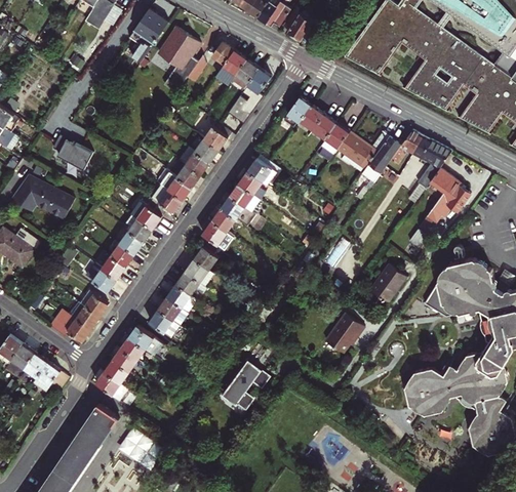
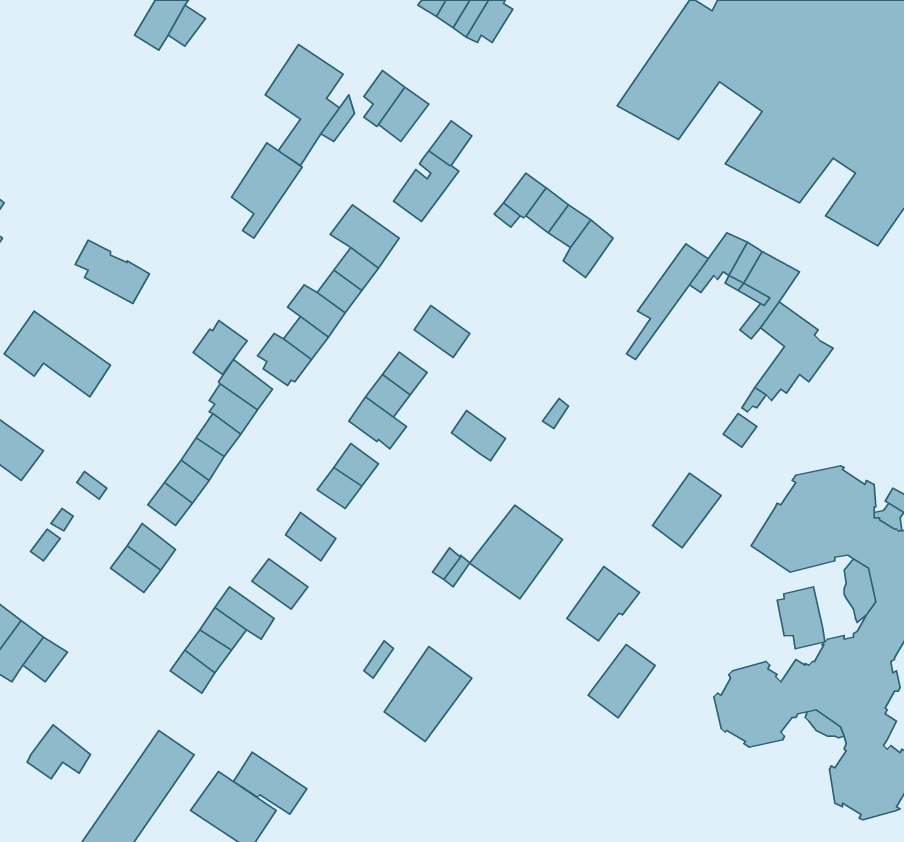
building: [128,8,167,60] -> [231,143,302,238]
building: [284,9,318,43] -> none
building: [231,59,259,89] -> none
building: [335,131,388,173] -> none
building: [247,154,281,186] -> none
building: none -> [193,321,247,374]
building: [230,183,260,211] -> [452,411,506,461]
building: [175,272,206,299] -> none
building: none -> [470,505,562,599]
building: [158,296,190,326] -> none
building: [62,315,89,341] -> none
building: none -> [777,587,825,649]
building: none -> [588,645,655,718]
building: [33,361,68,391] -> [27,725,90,779]
building: [95,371,127,400] -> none
building: none -> [233,752,307,814]

